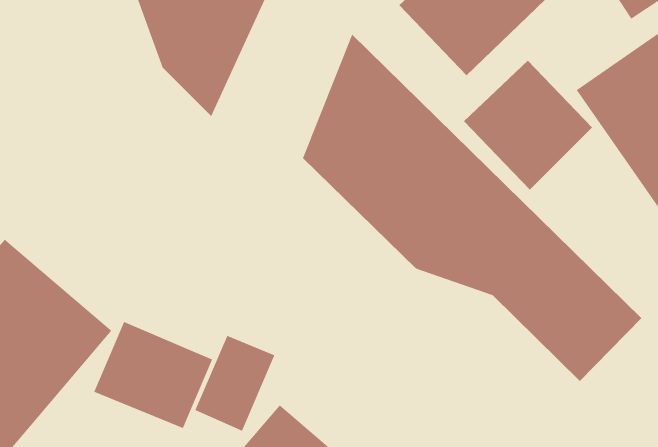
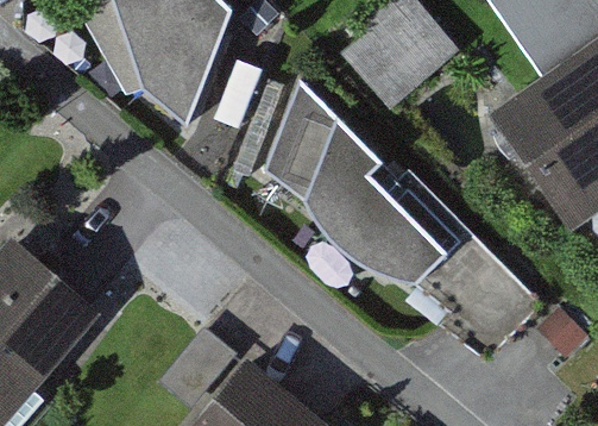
building: [463,60,593,190] -> none
building: [94,321,213,429] -> none

